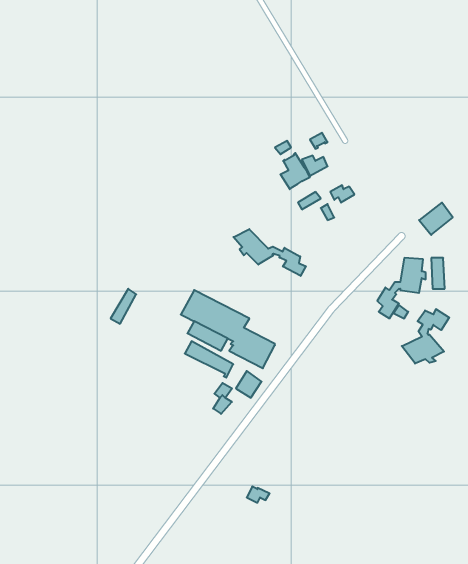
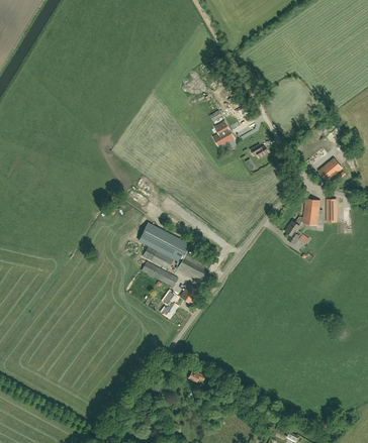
building: [233,229,306,276] -> none
building: [402,309,449,364] -> none

